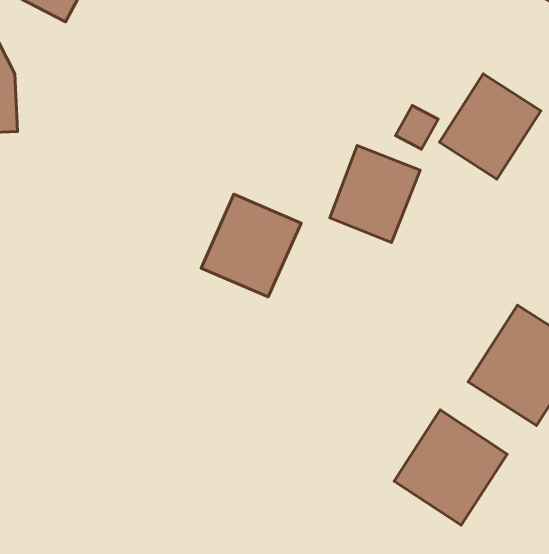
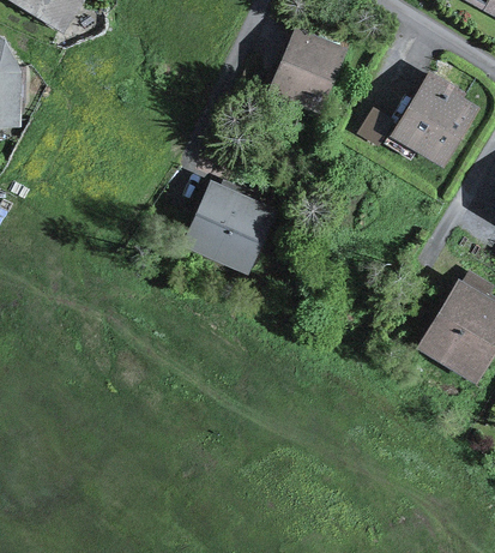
building: [330,145,420,243] -> [262,35,342,120]
building: [394,410,507,525] -> none

